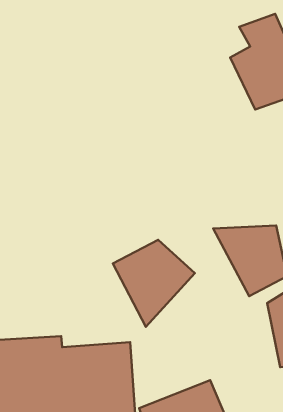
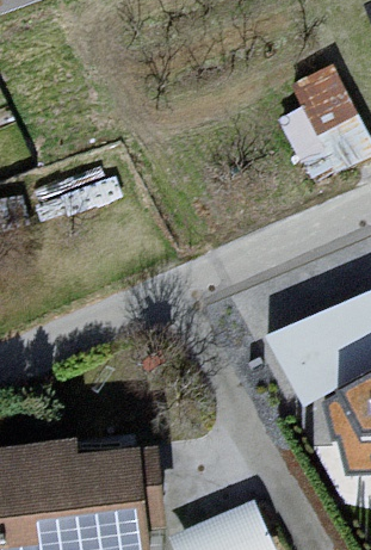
building: [113,240,195,327] -> none

